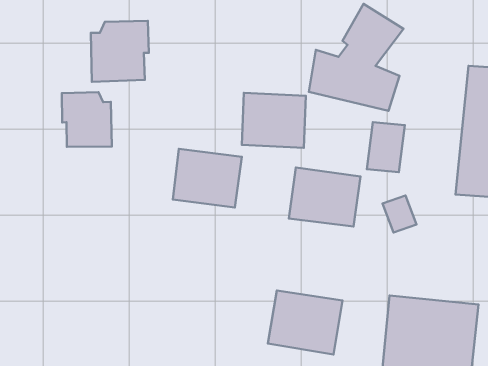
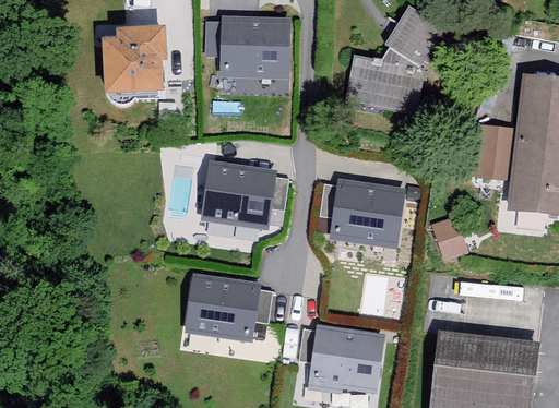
building: [62,92,112,147] -> none
building: [242,93,306,148] -> [222,23,292,83]
building: [367,122,405,172] -> [469,125,511,180]
building: none -> [185,269,258,333]

